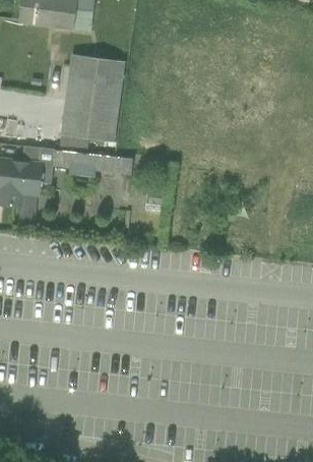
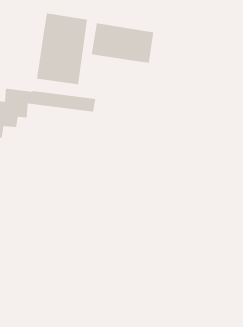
building: none -> [91,22,154,64]

